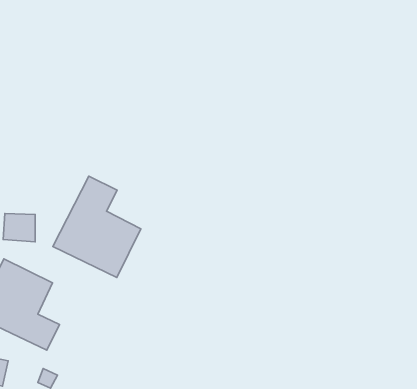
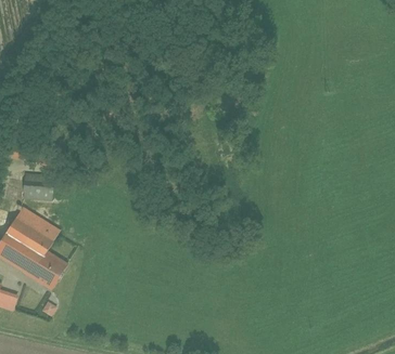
building: [53,176,141,278] -> none

